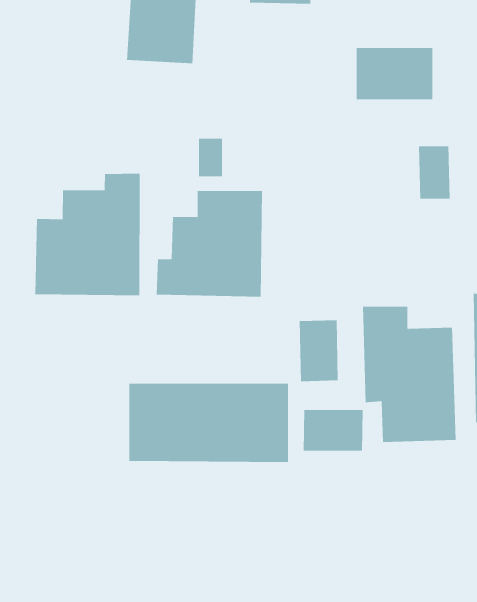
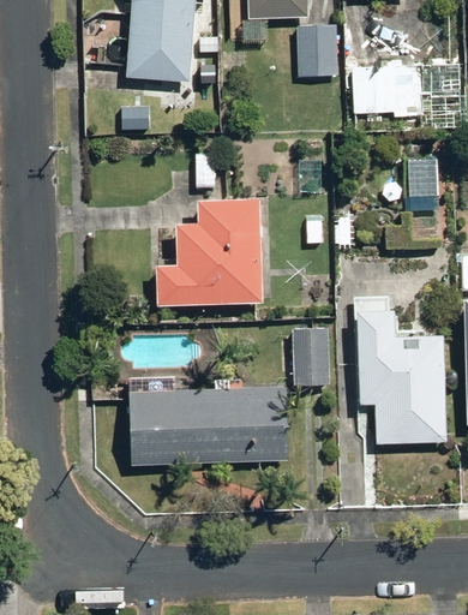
building: none -> [298,25,342,76]
building: [35,173,140,296] -> none
building: [303,409,363,452] -> none

